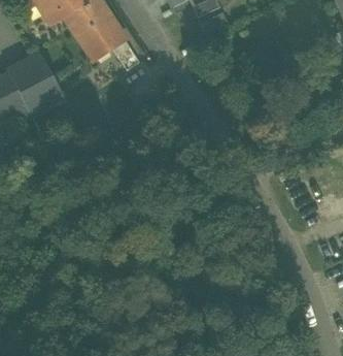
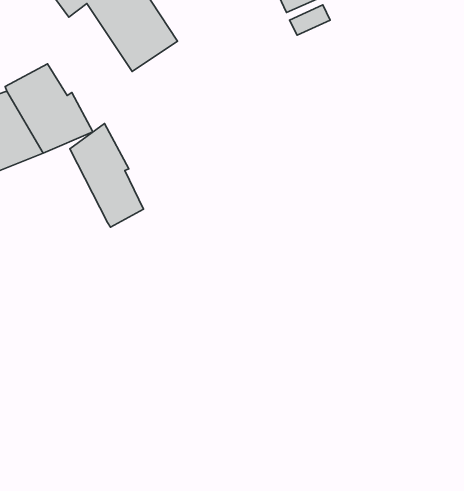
building: none -> [70,124,144,227]

